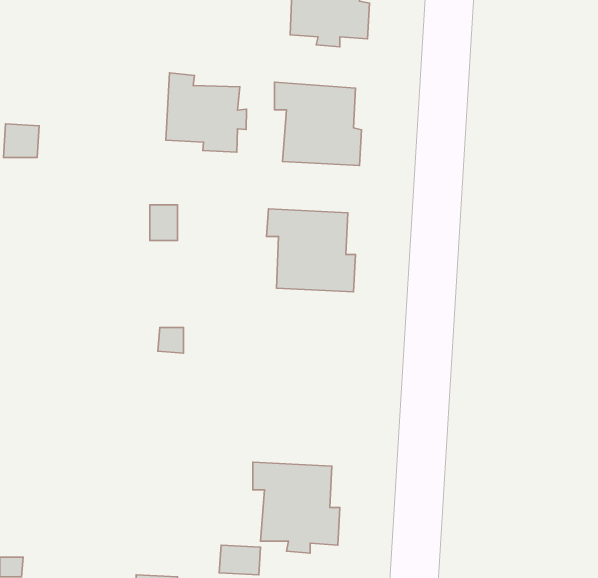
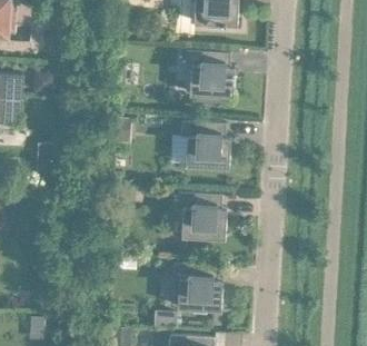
building: [166,73,247,152] -> none
building: none -> [175,192,225,239]

